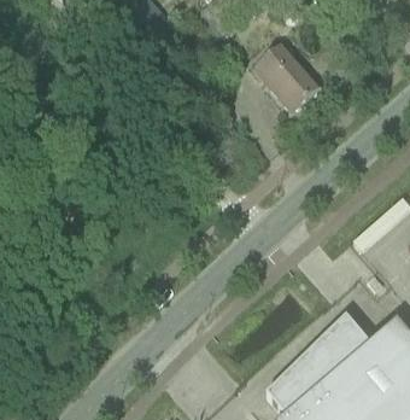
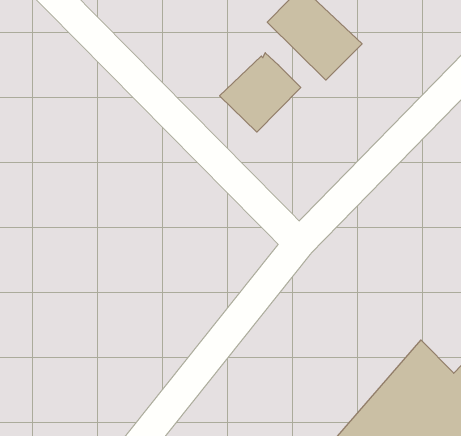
building: none -> [220,53,301,132]

